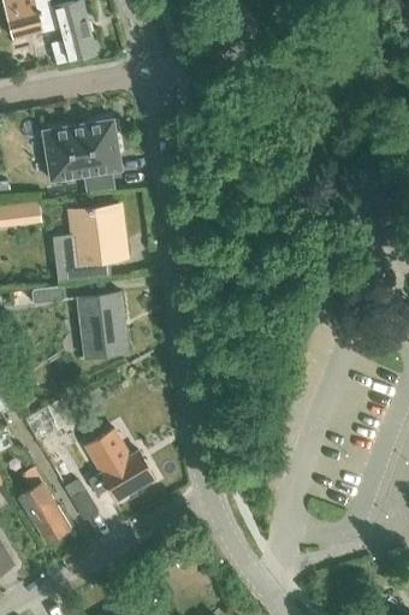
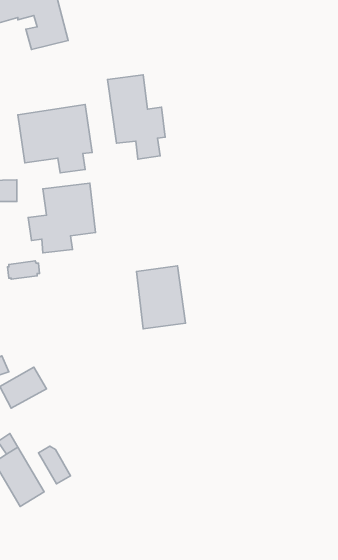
building: none -> [108,75,165,159]
building: [76,290,128,356] -> [136,266,185,329]
building: [85,428,154,501] -> none

